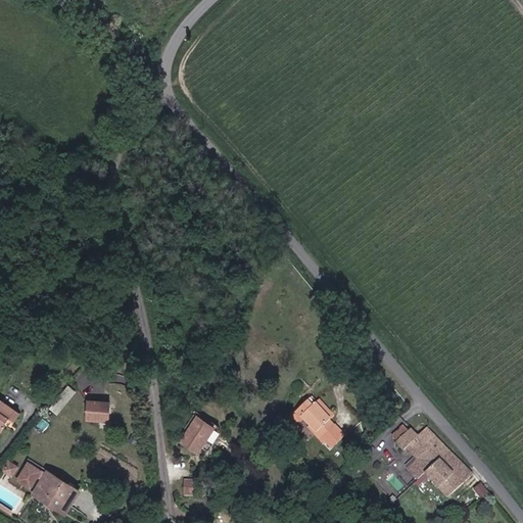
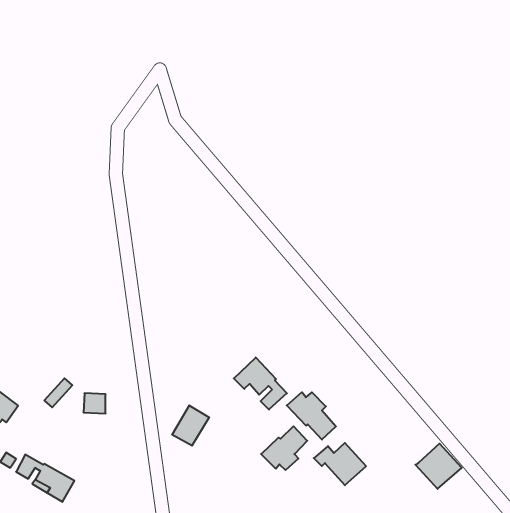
building: none -> [234,357,287,410]
building: [393,428,446,471] -> [314,443,366,485]
building: none -> [261,426,307,470]

